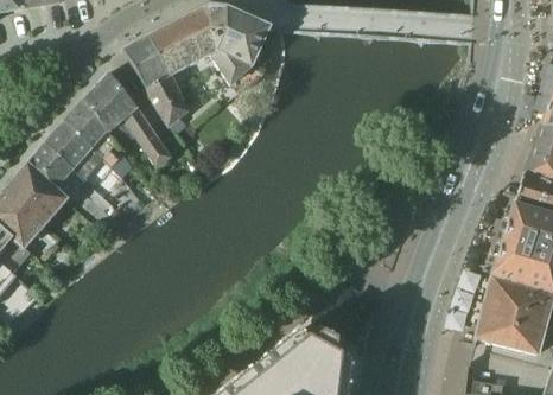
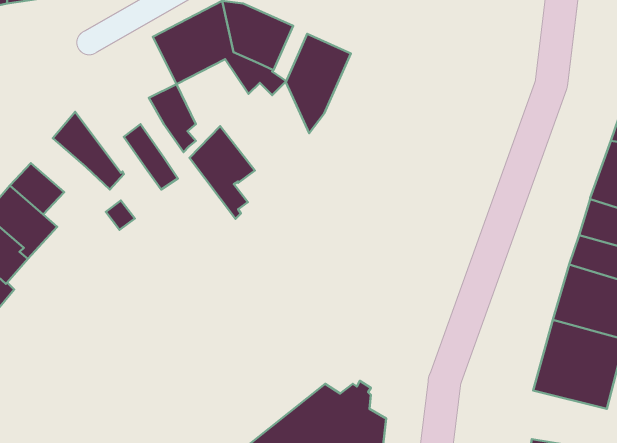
building: none -> [286,34,351,133]
building: [125,36,171,88] -> none
building: [84,72,140,152] -> [190,126,255,219]
building: [46,122,94,168] -> none

